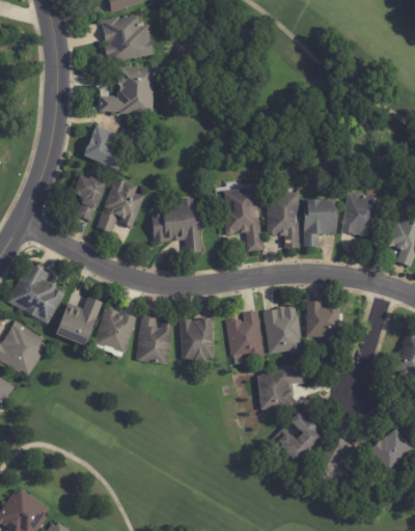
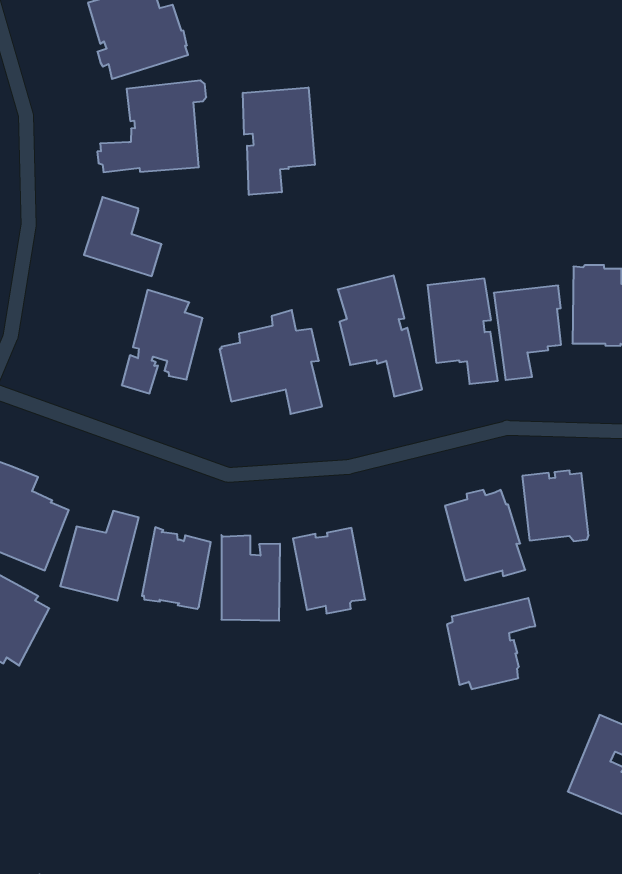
building: none -> [243,87,315,195]
building: [73,175,106,221] -> none
building: [226,310,265,360] -> none
building: [269,414,324,464] -> none

